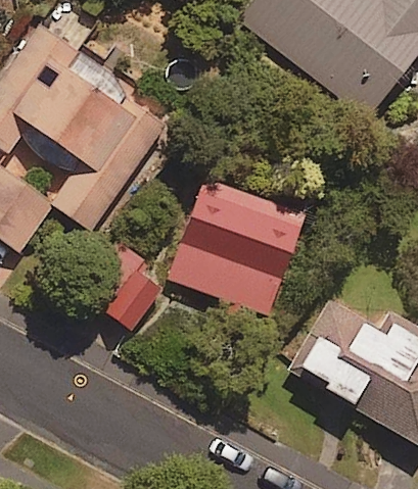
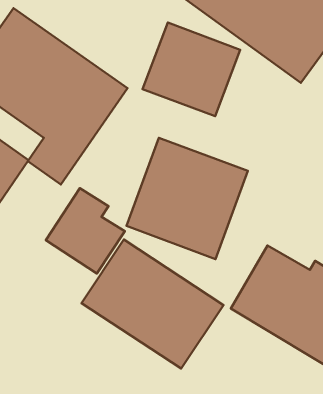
building: none -> [143,23,240,116]
building: none -> [81,240,224,369]

